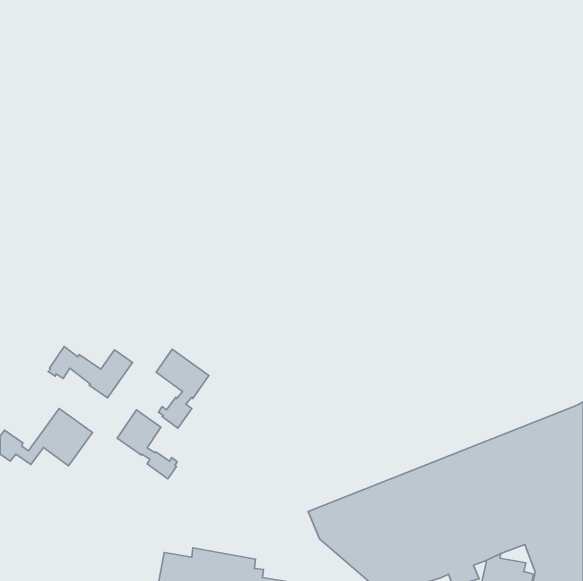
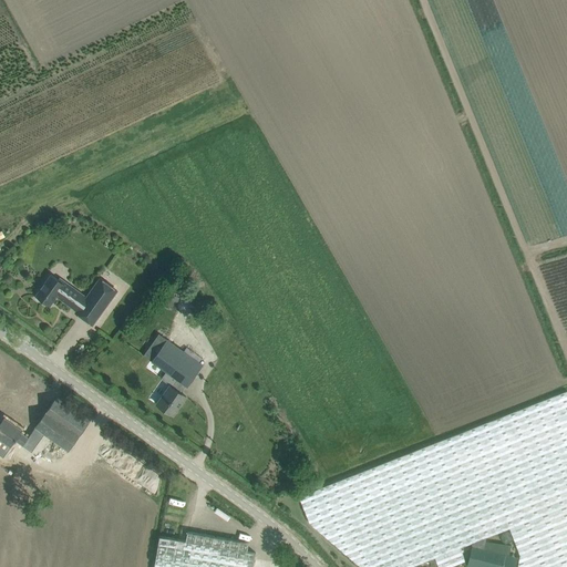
building: [48,346,133,398] -> [35,277,117,327]
building: [117,410,177,479] -> none

